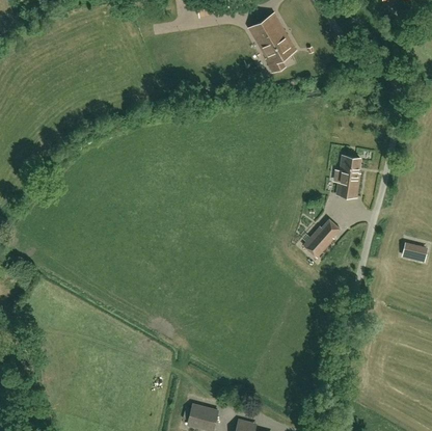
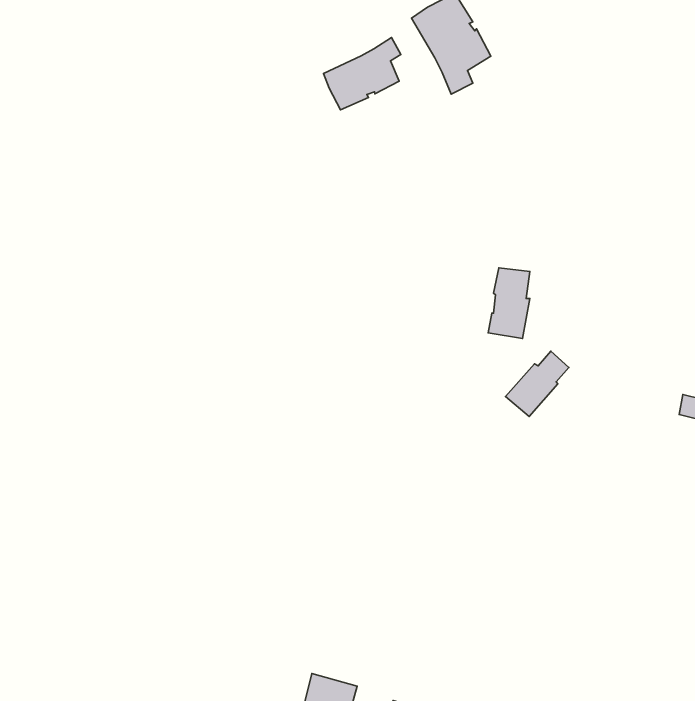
building: none -> [324,38,401,110]
building: [336,156,360,196] -> [488,268,530,338]

